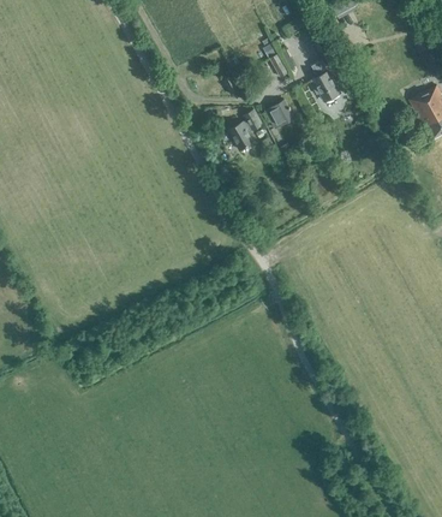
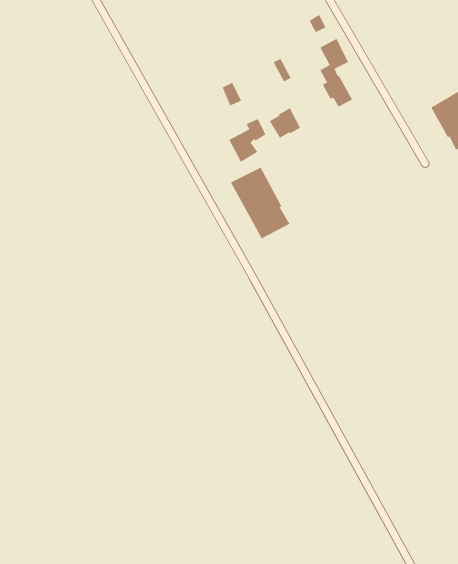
building: none -> [230,167,290,239]

